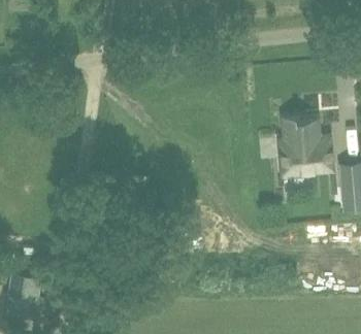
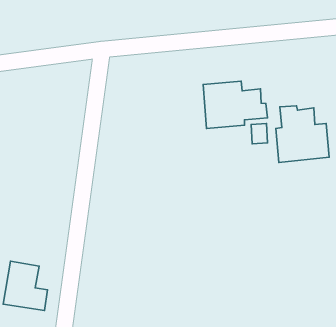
building: none -> [203,81,268,129]

